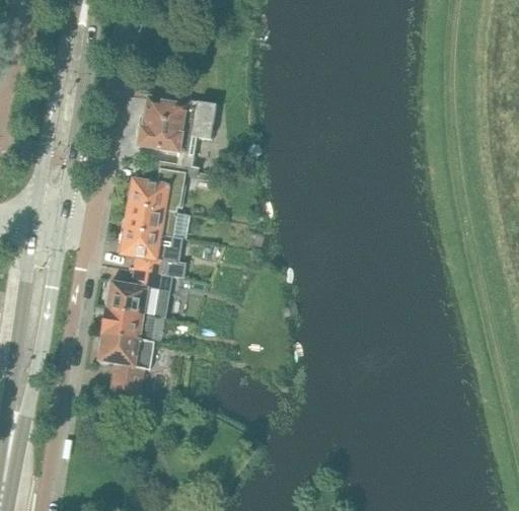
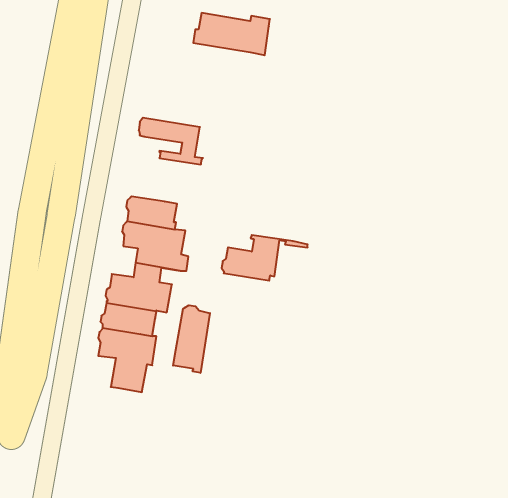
building: [141,98,216,140] -> [193,13,270,55]
building: [128,167,212,212] -> [222,235,308,281]
building: none -> [173,305,210,373]

